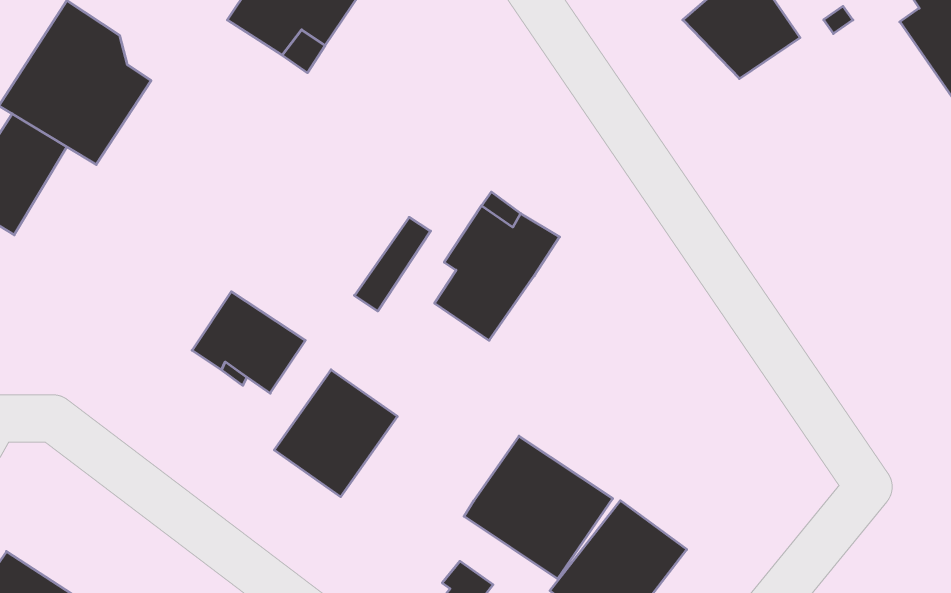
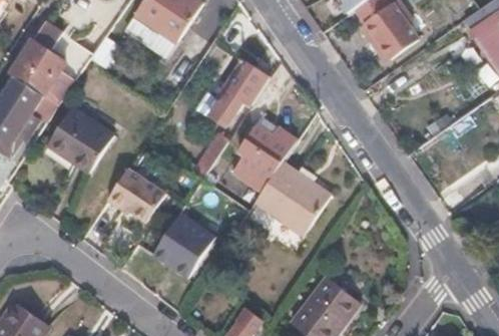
building: none -> [208,58,270,126]
building: none -> [46,106,113,172]
building: [464,436,613,579] -> [255,160,331,234]

